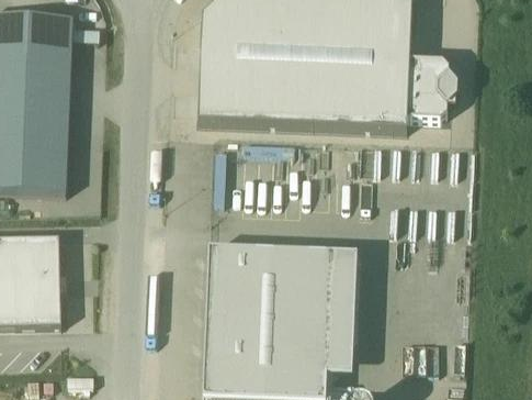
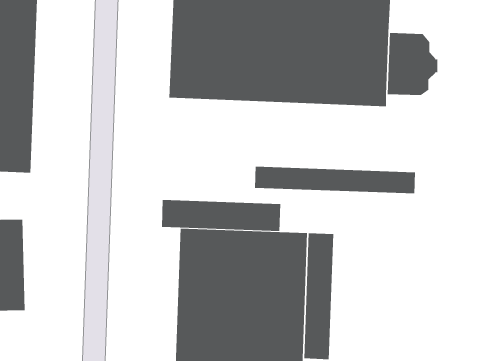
building: none -> [254,166,416,194]
building: none -> [161,199,281,232]

